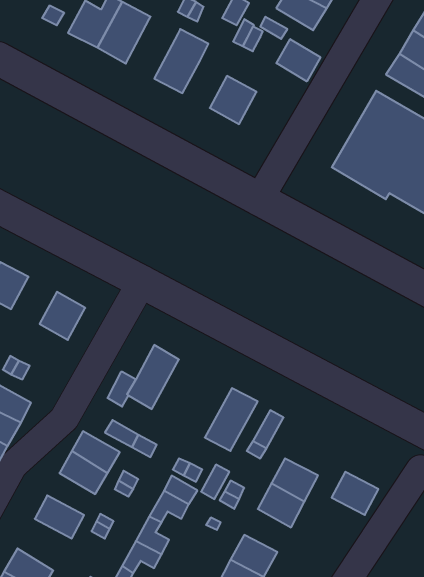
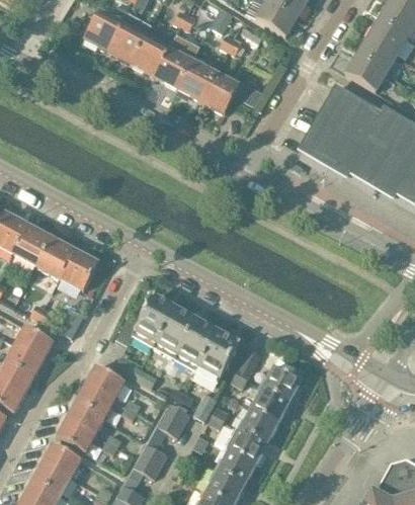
building: none -> [131,27,173,76]
building: [276,39,320,81] -> none
building: none -> [177,62,214,100]
building: none -> [36,239,74,277]
building: none -> [152,307,218,370]
building: [332,472,378,515] -> [261,366,300,402]
building: none -> [66,400,105,434]
building: none -> [228,429,266,465]
building: none -> [42,443,82,480]

